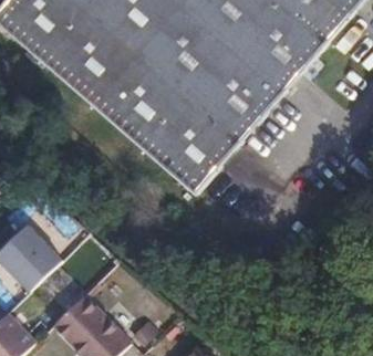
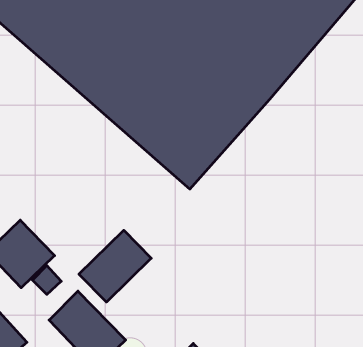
building: none -> [79,230,151,302]

